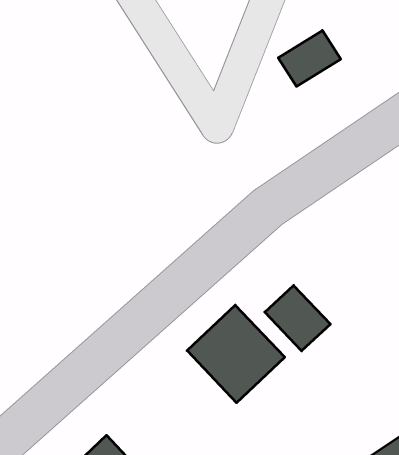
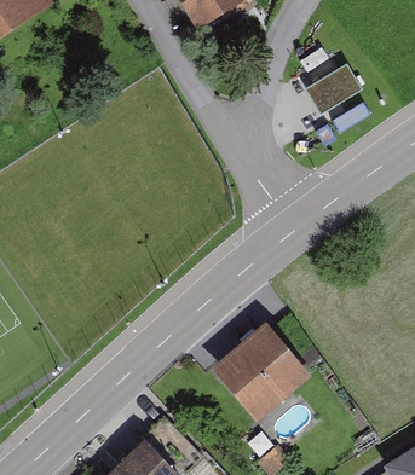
building: [265,285,330,351] -> none

